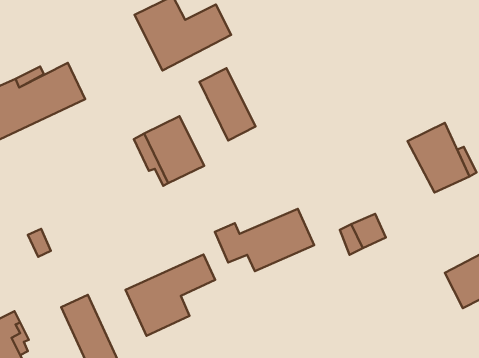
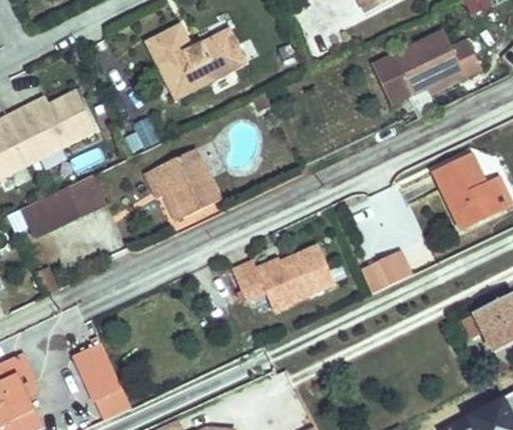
building: none -> [373,31,481,104]
building: [199,68,256,141] -> none
building: none -> [20,174,106,238]
building: [125,255,215,336] -> none

